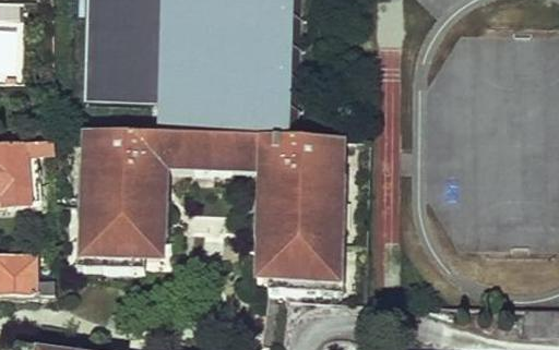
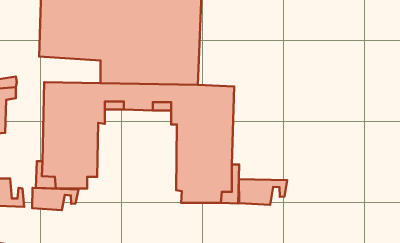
building: none -> [239,179,287,205]
building: none -> [32,188,79,210]

